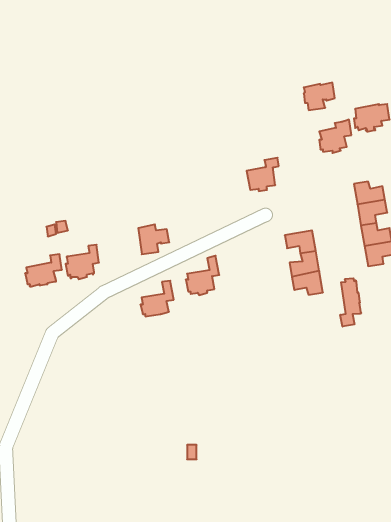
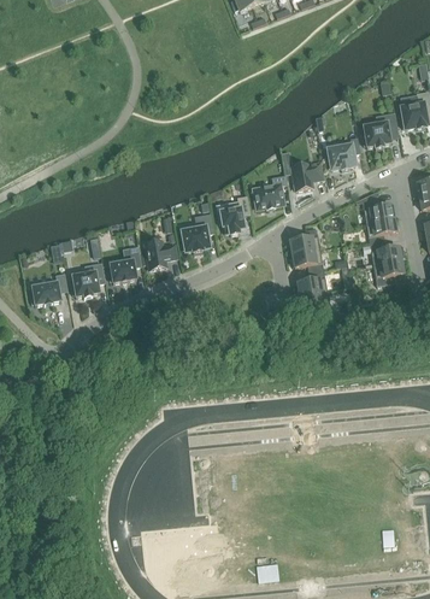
building: [304,83,335,110] -> [291,160,323,188]
building: none -> [218,196,248,236]
building: none -> [290,225,320,252]
building: [186,256,219,295] -> [181,211,214,251]
building: [340,278,361,327] -> none
building: [140,281,174,316] -> [108,245,142,281]

